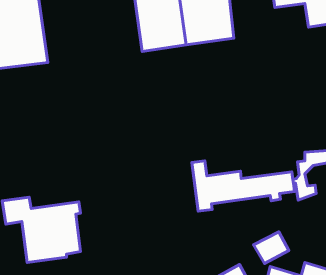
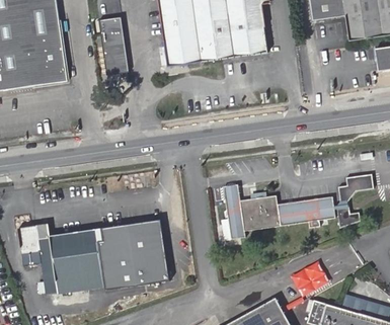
building: none -> [98,16,129,74]
building: none -> [97,222,166,290]

